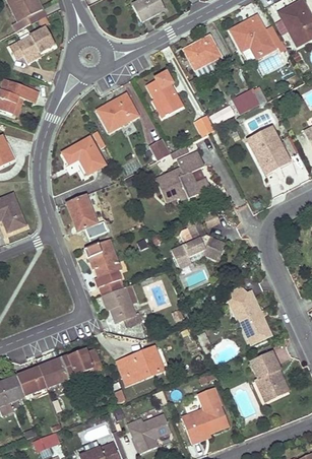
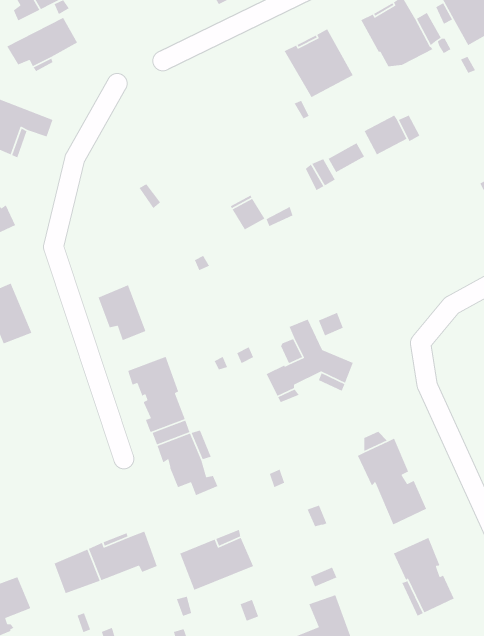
building: [146,71,183,115] -> none
building: [98,93,137,131] -> none
building: [247,127,289,174] -> none
building: [62,137,105,174] -> none
building: [155,151,209,202] -> none
building: [16,368,48,396] -> none

